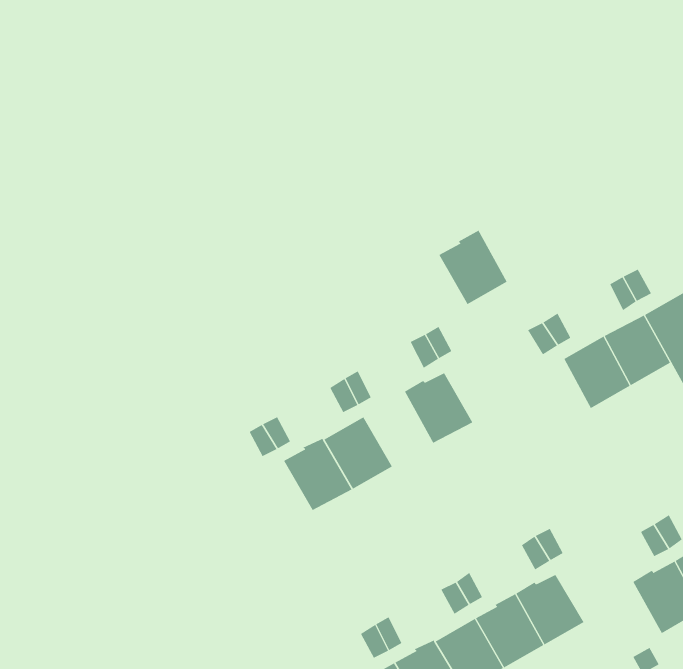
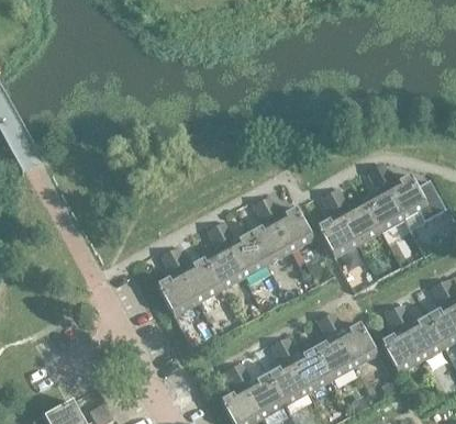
building: [439,230,508,305] -> [275,208,314,250]
building: none -> [319,214,358,256]
building: none -> [229,233,268,276]
building: none -> [158,272,199,314]
building: none -> [338,323,378,365]

